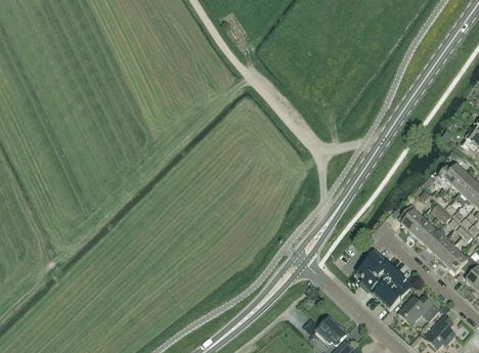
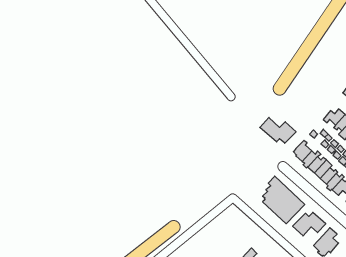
building: none -> [260,117,296,143]
building: [318,317,347,345] -> none

